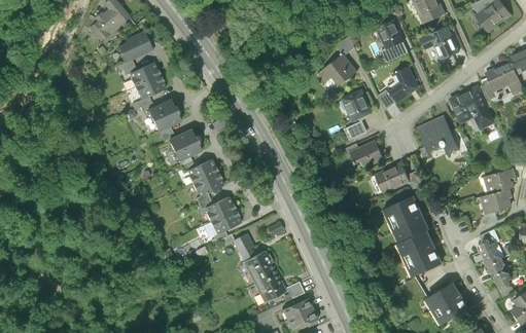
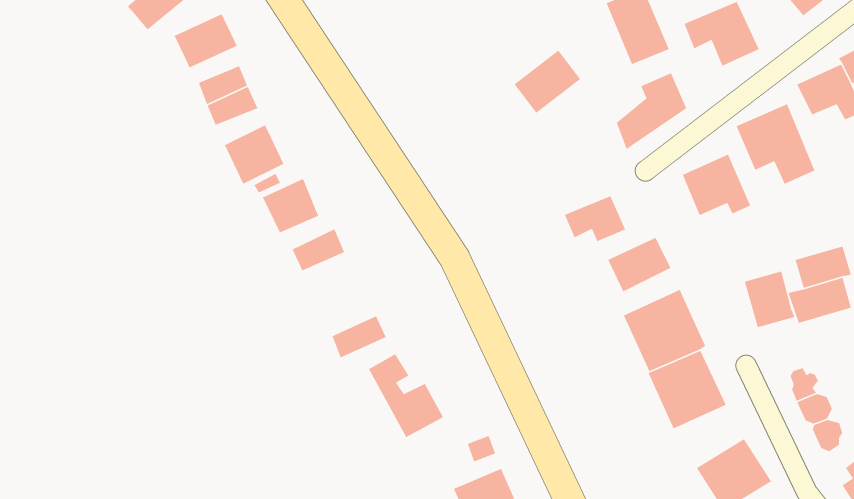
building: [340,88,373,122] -> none
building: [190,173,222,197] -> none
building: none -> [744,271,795,328]
building: [202,196,235,222] -> none
building: [252,270,285,302] -> none

